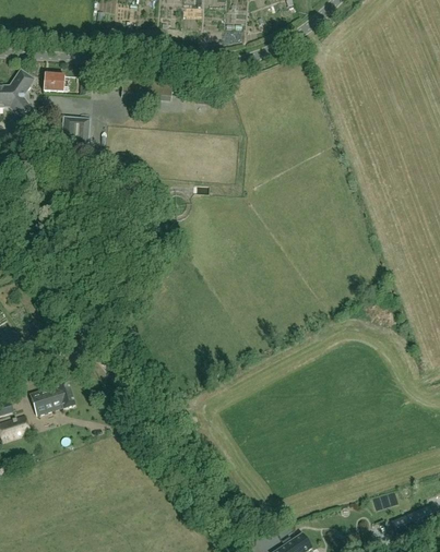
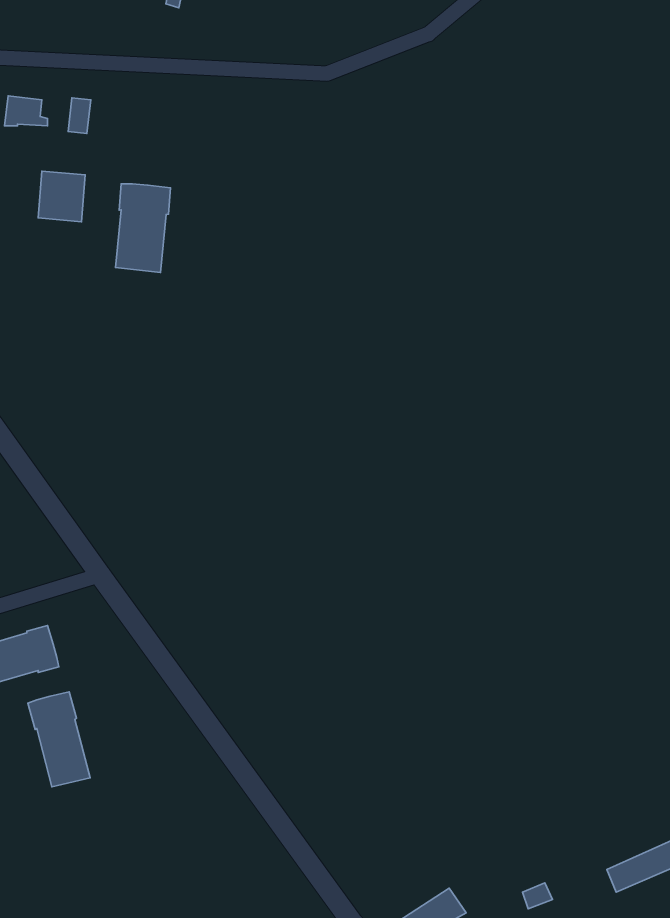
building: none -> [116,184,170,272]
building: none -> [28,692,90,787]

